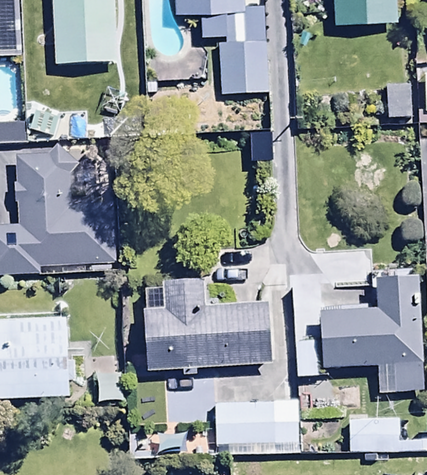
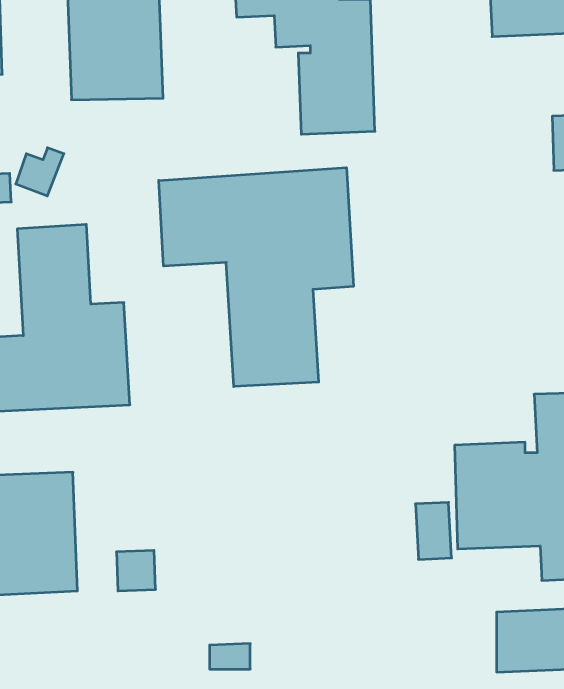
building: none -> [159,168,353,387]
building: [155,273,282,371] -> none
building: [213,396,298,441] -> none

